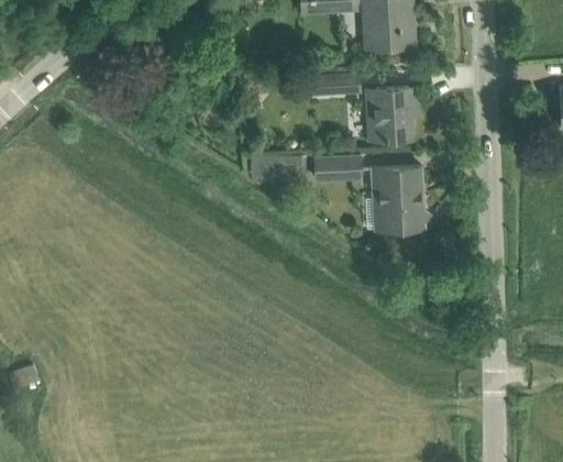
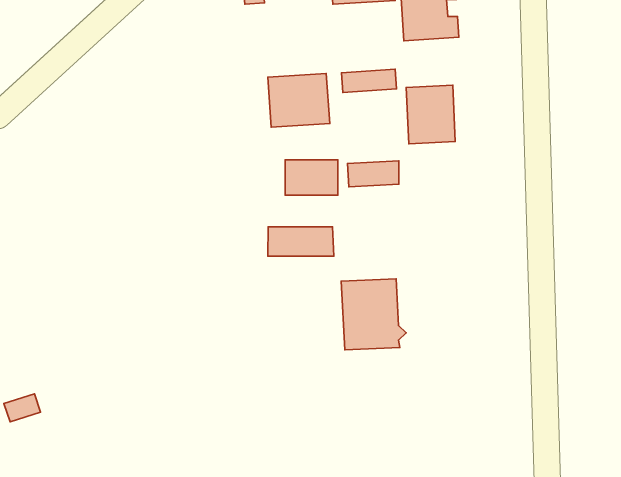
building: none -> [268,73,330,127]
building: [372,168,430,232] -> [341,279,406,350]
building: none -> [268,227,334,256]

